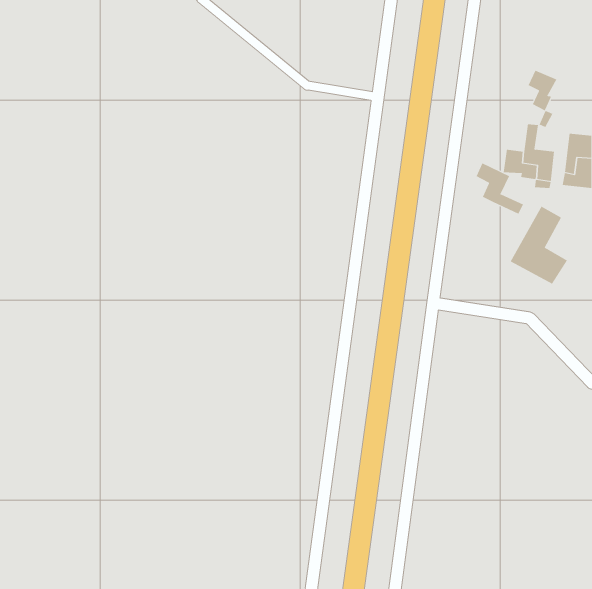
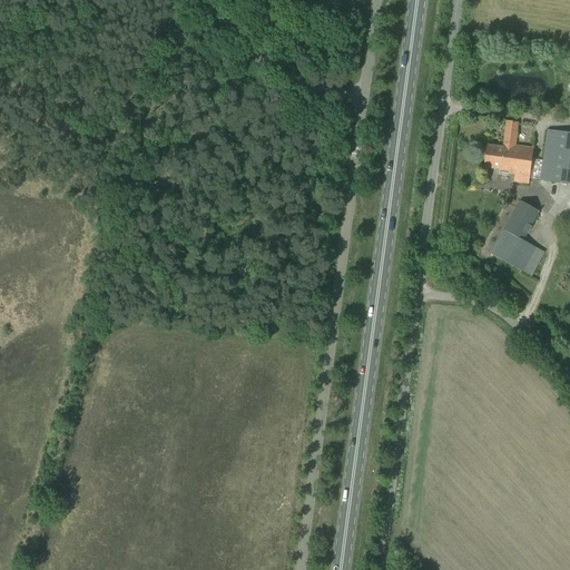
building: [528,70,557,128] -> none
building: [476,162,524,215] -> none

